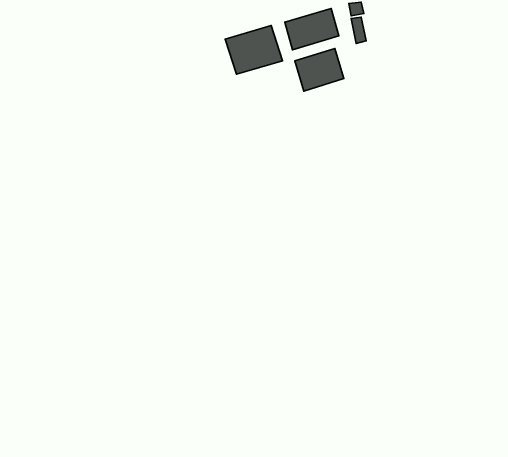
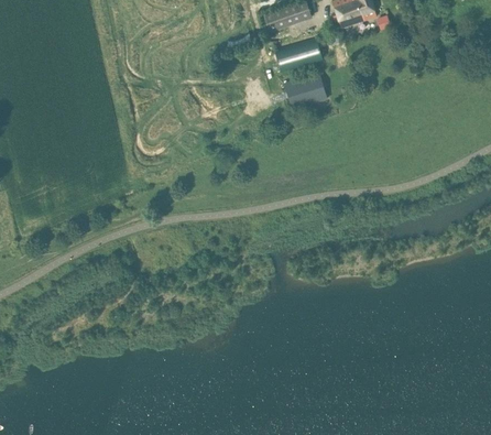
building: [225,25,282,74] -> none

